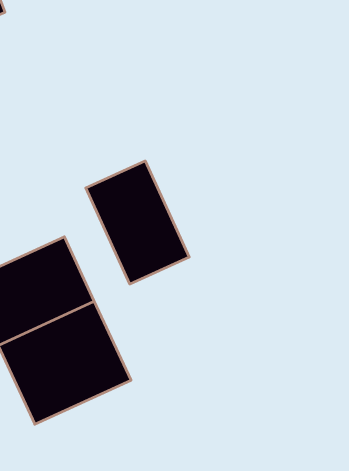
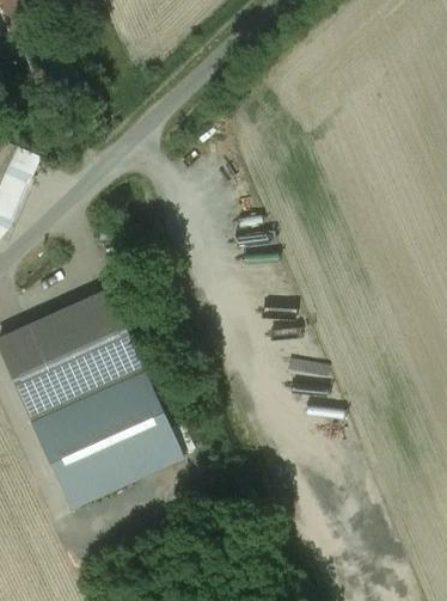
building: [86,161,189,284] -> none

